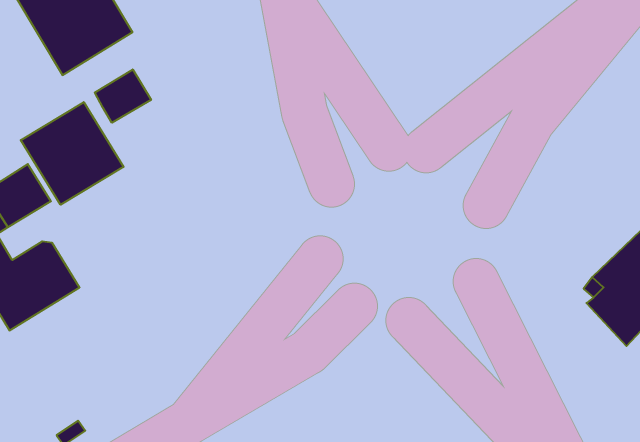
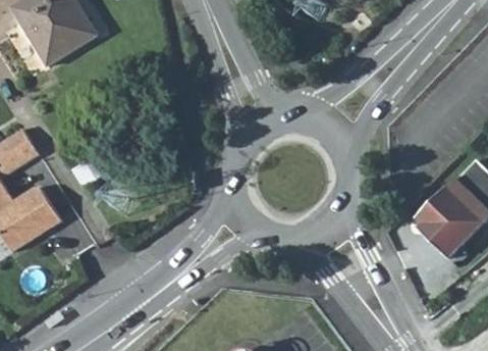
building: [95,69,151,123] -> none
building: [21,102,124,205] -> none

